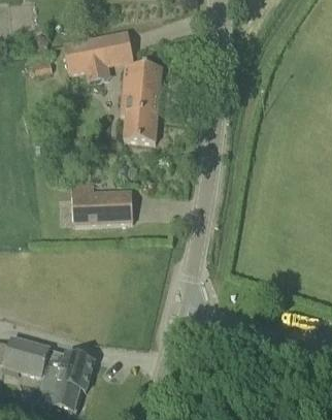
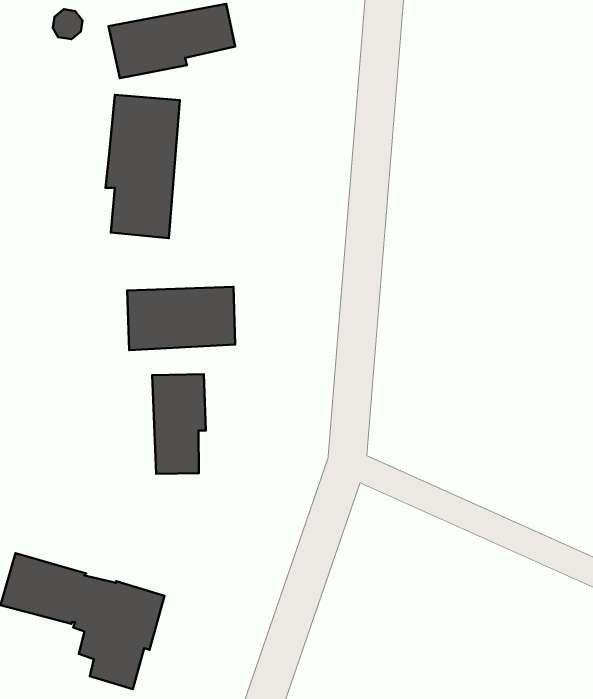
building: [120,63,161,142] -> [105,95,180,238]
building: none -> [152,374,206,474]

